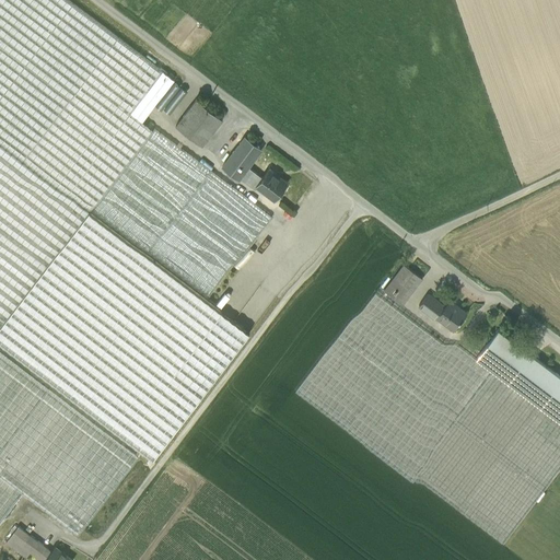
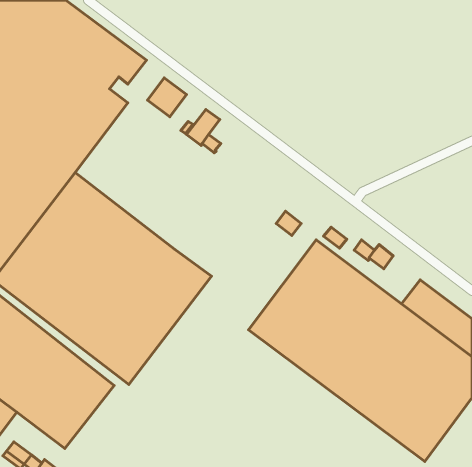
building: [89,128,270,302] -> none
building: [254,168,284,199] -> none
building: [390,261,420,290] -> [276,211,301,235]

